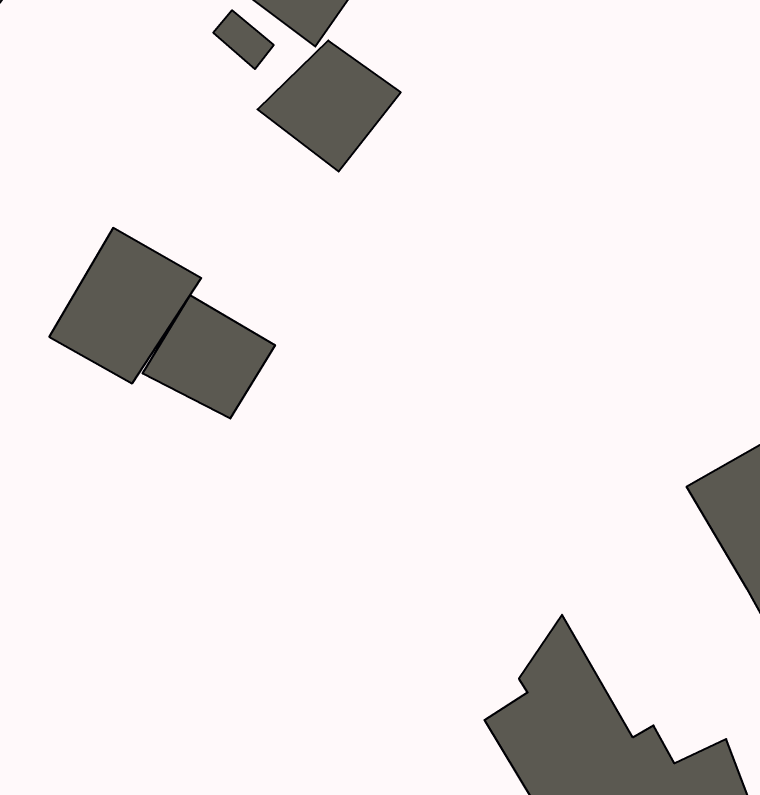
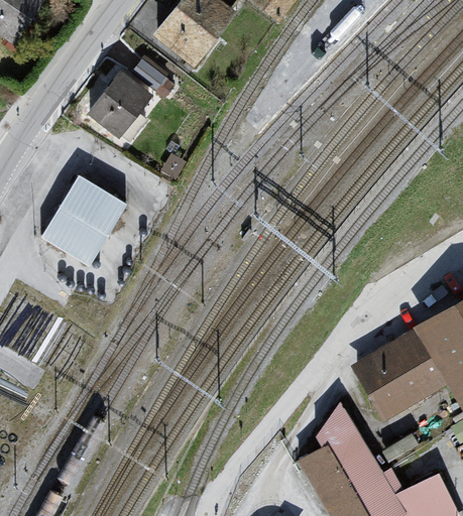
building: [257,40,401,172] -> [78,68,161,144]
building: [143,295,275,419] -> none
building: none -> [351,327,449,418]

